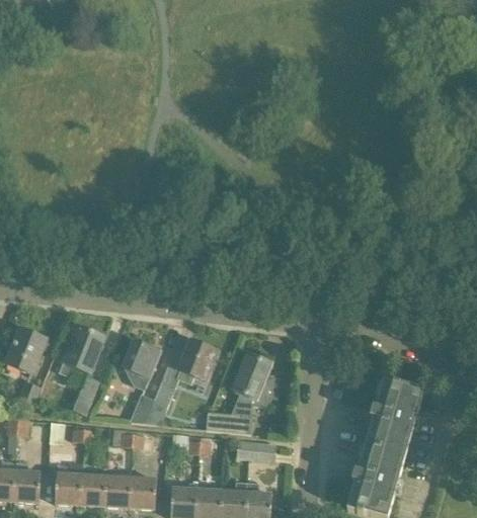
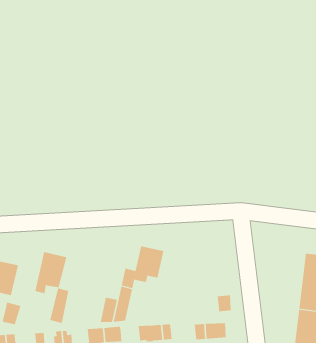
building: [118,342,160,390] -> none
building: [206,354,282,434] -> none

